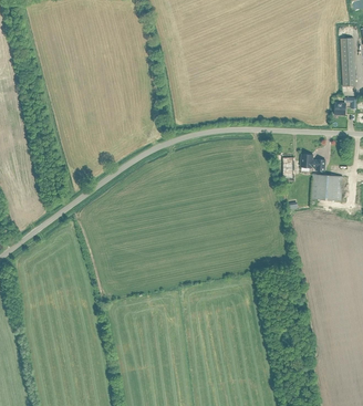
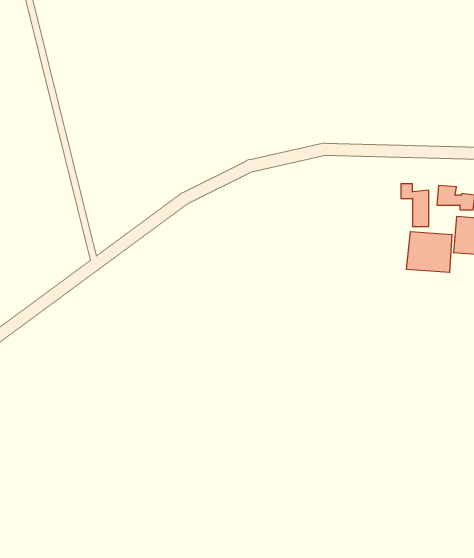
building: none -> [407,231,452,273]

